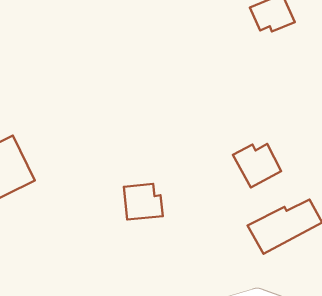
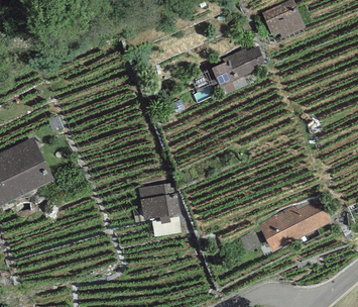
building: none -> [212,46,264,87]
building: [233,144,281,187] -> none

